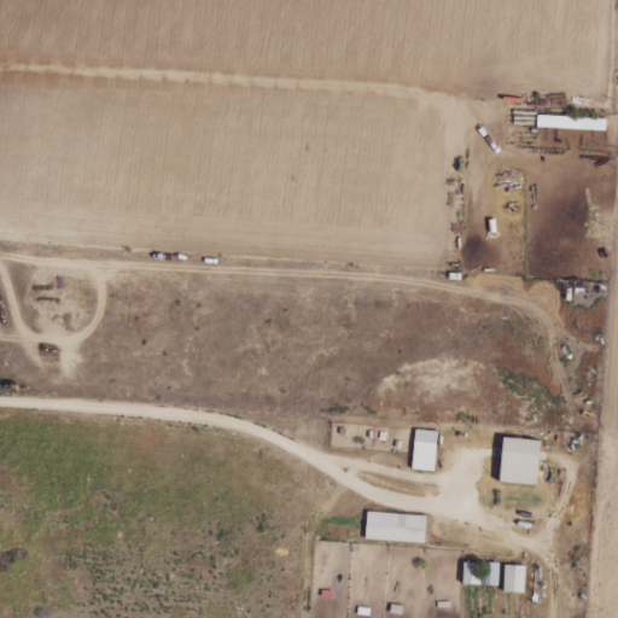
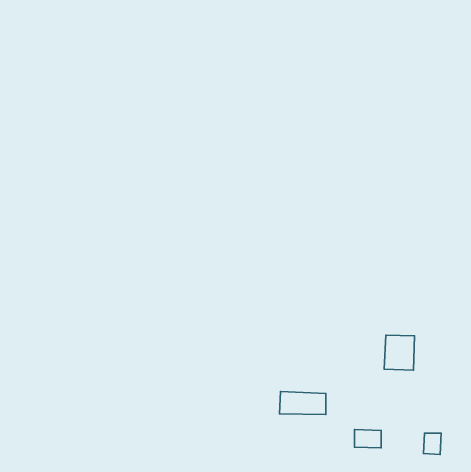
building: [412,428,436,470] -> none
building: [502,564,525,591] -> [423,433,441,454]

